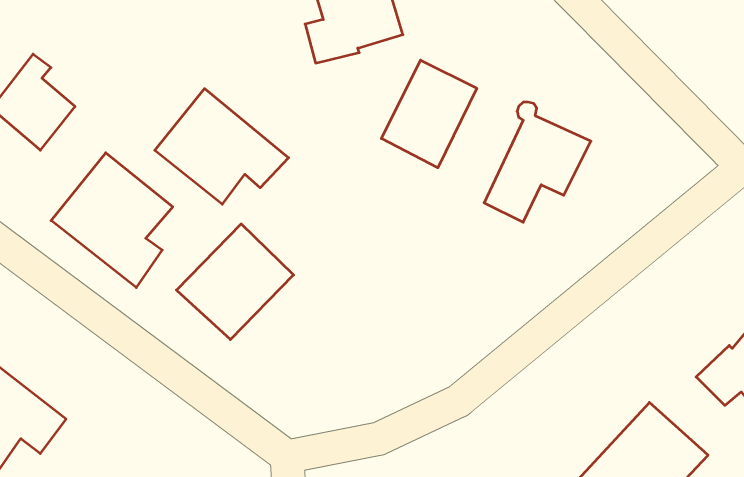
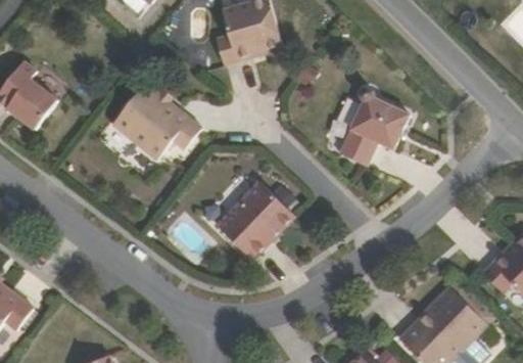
building: [381,60,477,168] -> none
building: [51,153,173,288] -> none
building: [176,224,294,340] -> [206,183,286,262]

